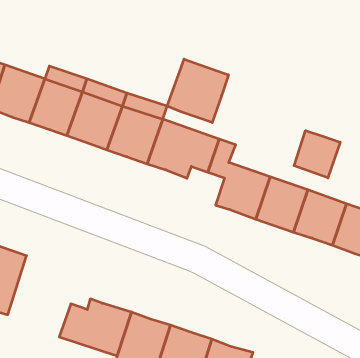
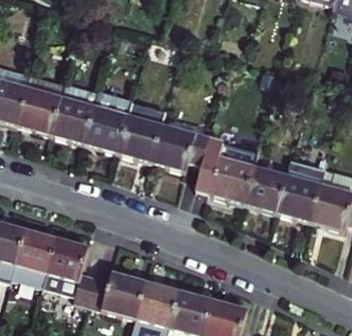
building: [167,59,228,123] -> none
building: [294,131,340,178] -> none
building: none -> [41,242,93,308]

